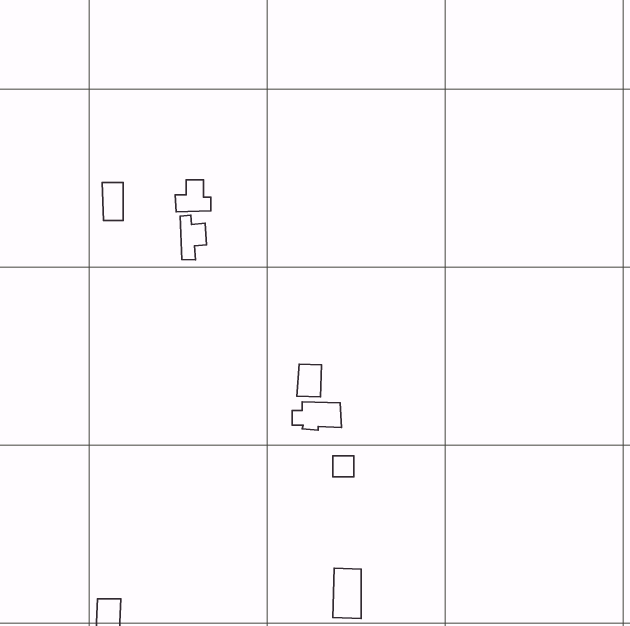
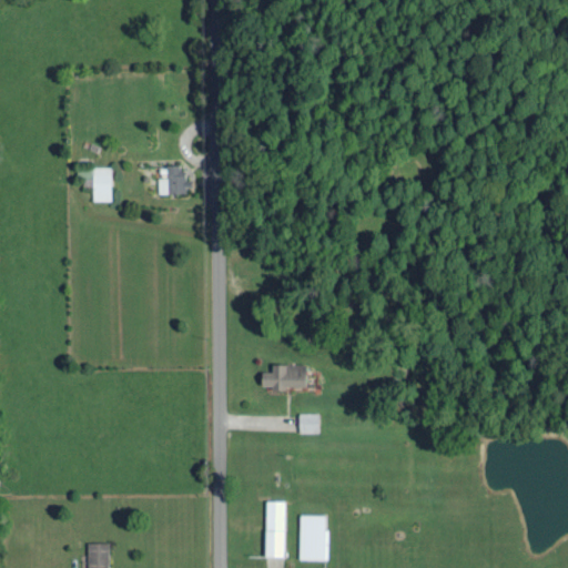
building: [180,215,206,260] -> none
building: [297,364,322,397] -> none
building: none -> [266,500,285,558]

